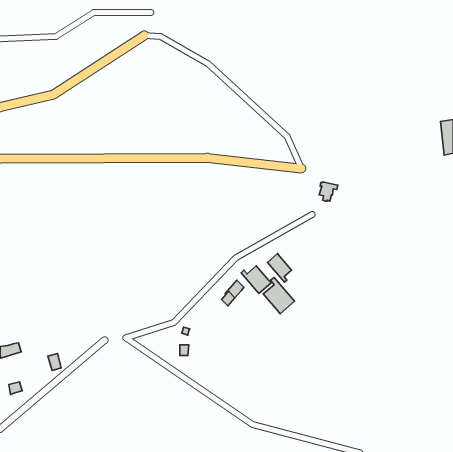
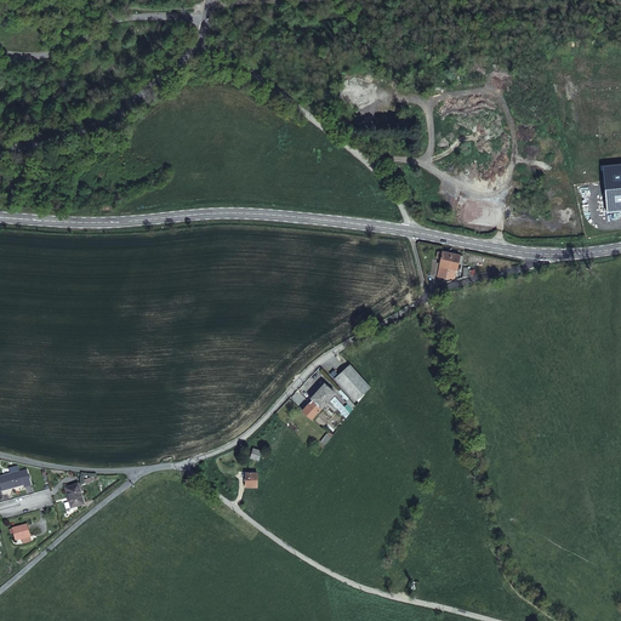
building: [267,254,292,282] -> none
building: [263,278,295,314] -> none

